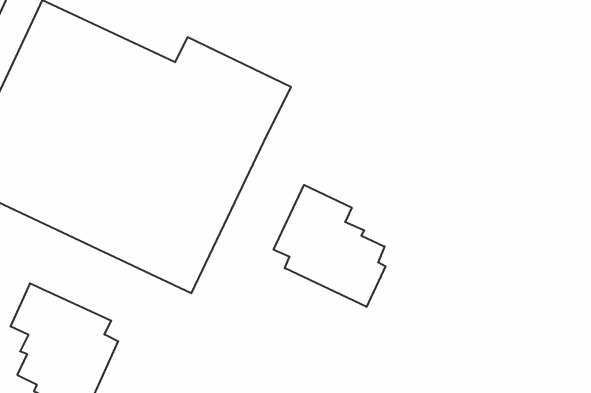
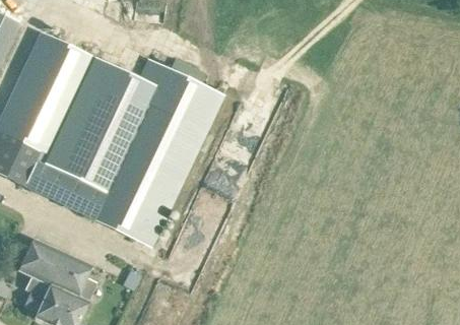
building: [274,185,385,307] -> none

